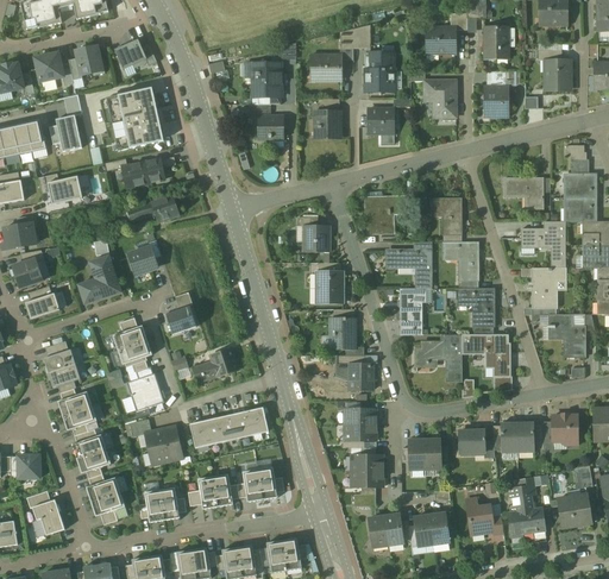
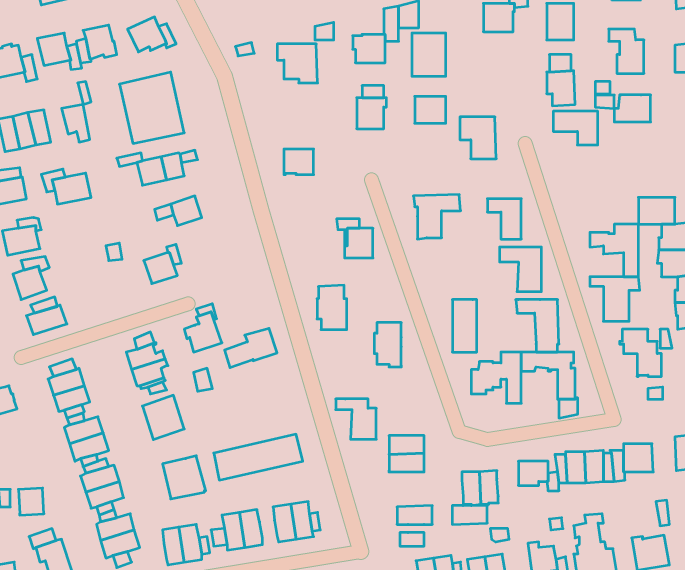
building: [423,81,456,118] -> [460,117,496,159]
building: [257,117,283,139] -> [284,149,314,175]
building: [564,175,596,199] -> [614,95,651,122]
building: [503,180,542,209] -> [553,111,598,145]
building: [388,243,431,289] -> none
building: [77,257,120,304] -> none
building: [316,263,343,302] -> [317,285,347,330]
building: [192,350,238,384] -> [225,328,277,368]
building: [335,355,371,391] -> [336,399,376,439]
building: [351,455,382,472] -> [452,506,487,524]

